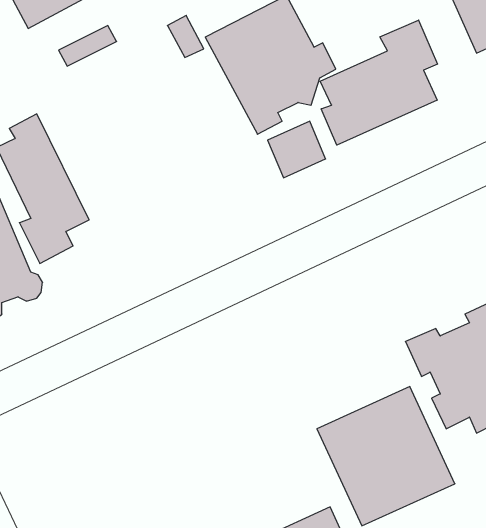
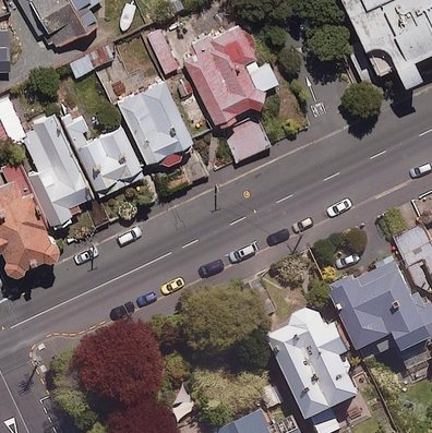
building: [320,20,437,145] -> none
building: none -> [116,79,196,163]
building: none -> [64,116,142,195]

